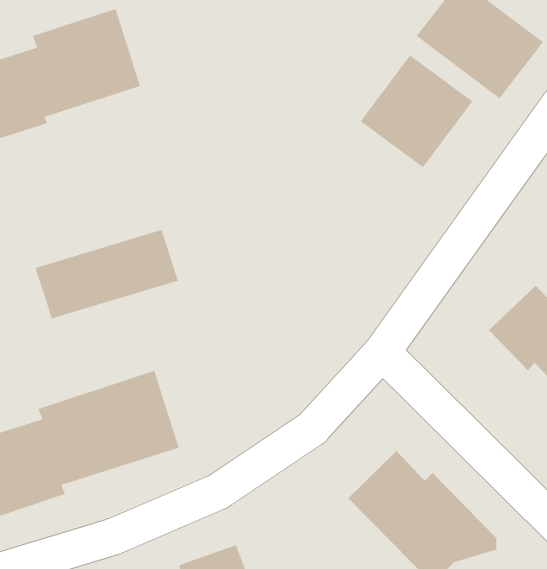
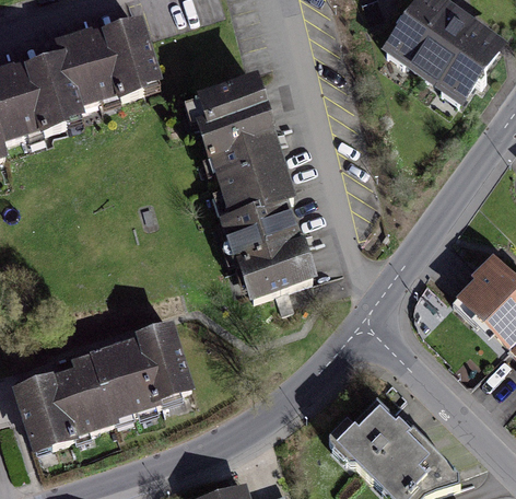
building: [360,55,473,168] -> none
building: none -> [186,79,315,302]
building: [35,229,179,319] -> none

